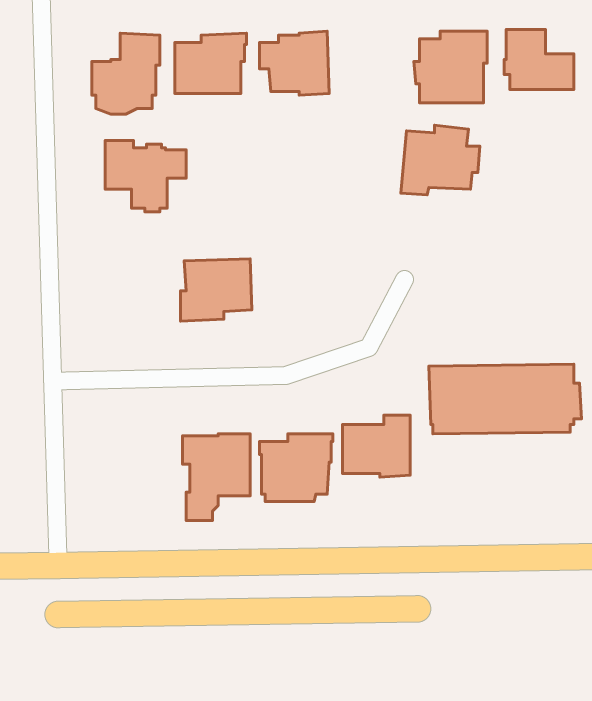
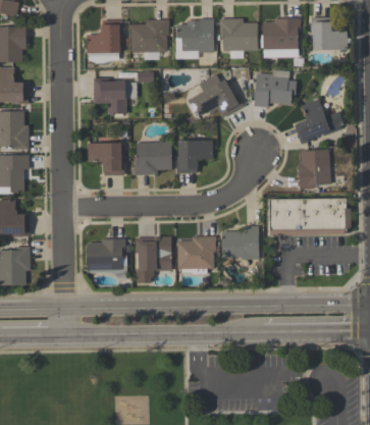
building: none -> [219,17,258,50]
building: none -> [188,72,244,116]
building: none -> [294,98,342,143]
building: none -> [176,140,212,172]
building: none -> [87,143,123,174]
building: none -> [298,149,330,189]
building: none -> [87,238,126,278]

